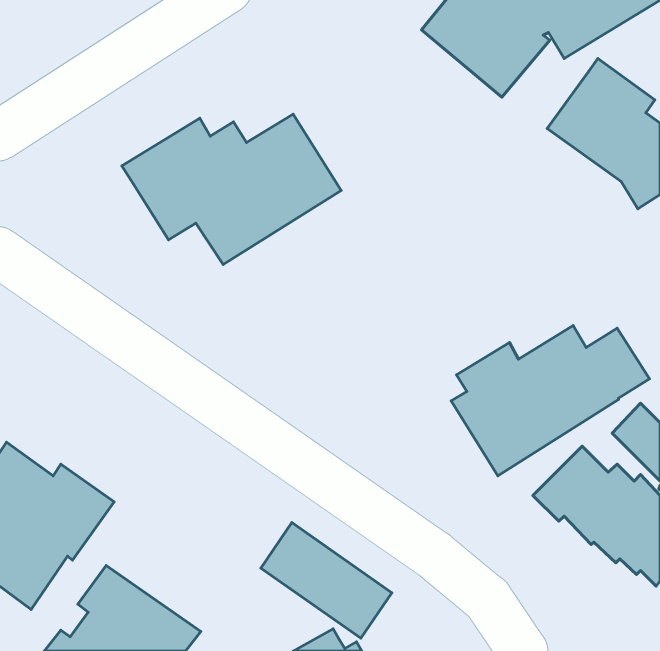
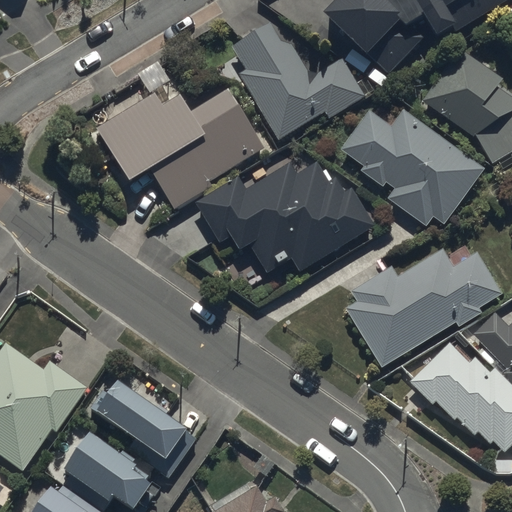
building: none -> [233,22,365,138]
building: none -> [341,109,485,226]
building: none -> [195,163,376,274]
building: [261,523,392,638] -> [91,378,192,467]

